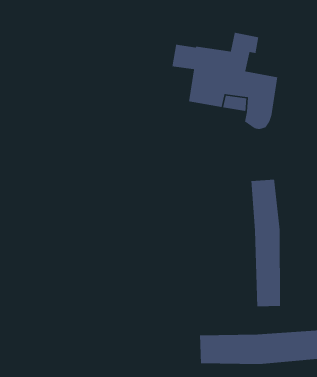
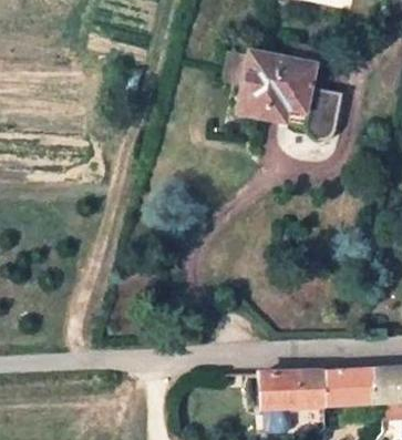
building: [250,179,281,307] -> none

